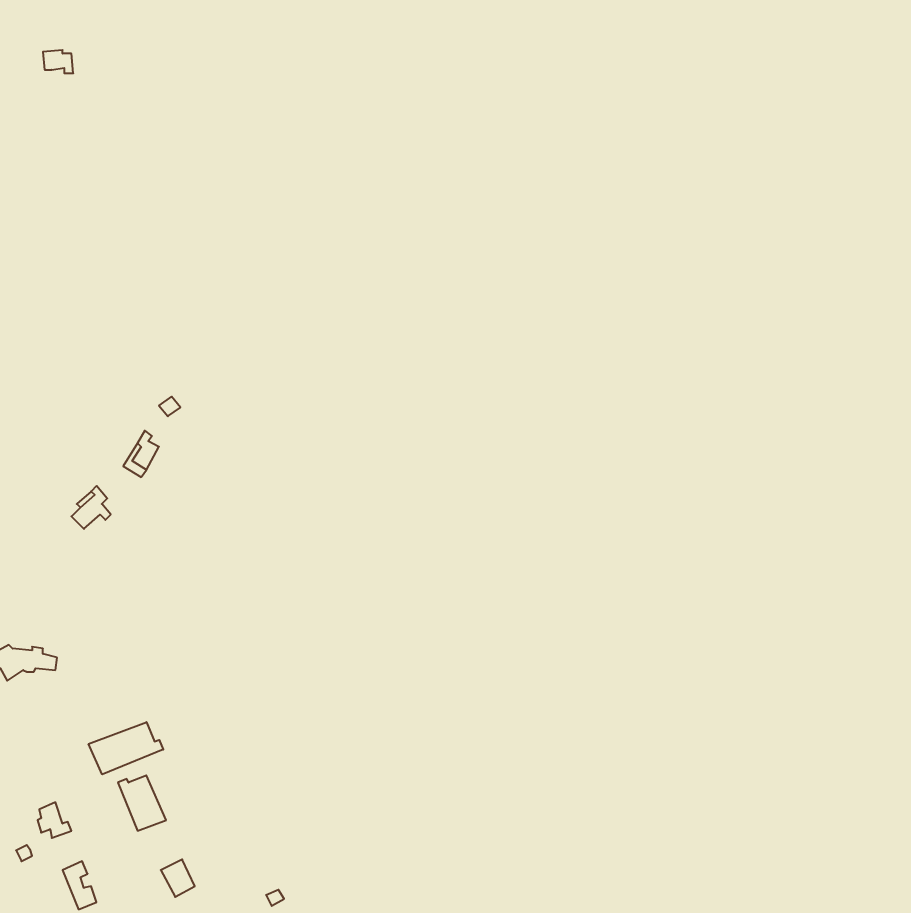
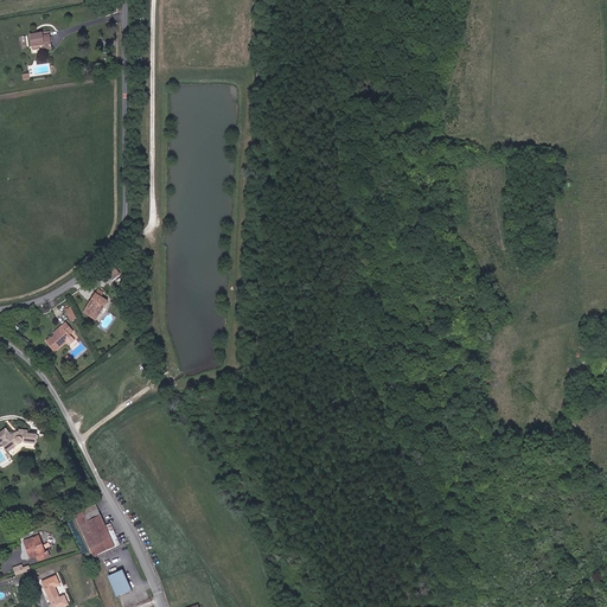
building: [89,722,163,774] -> none

